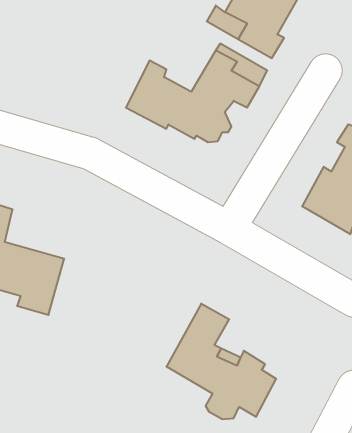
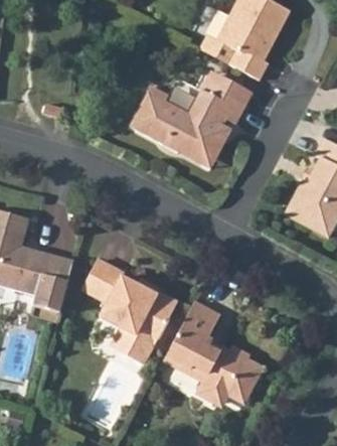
building: none -> [86,260,177,360]

